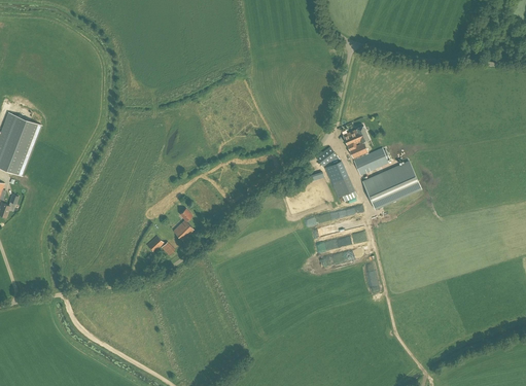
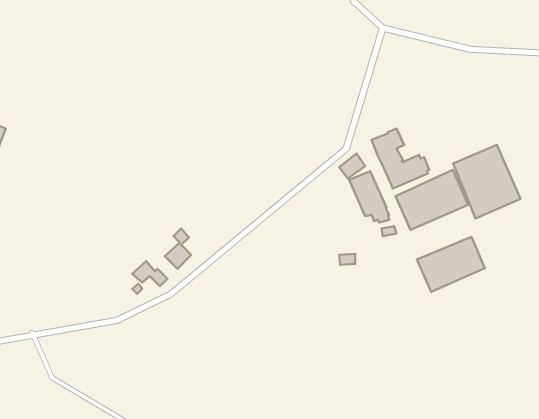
building: none -> [453,145,520,219]
building: none -> [417,237,485,292]

